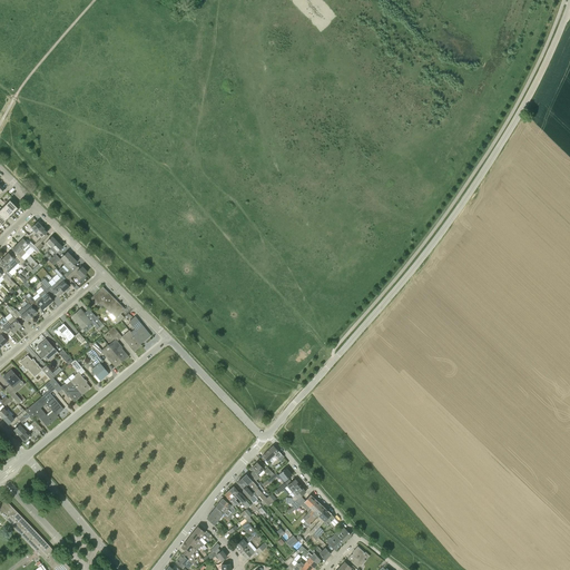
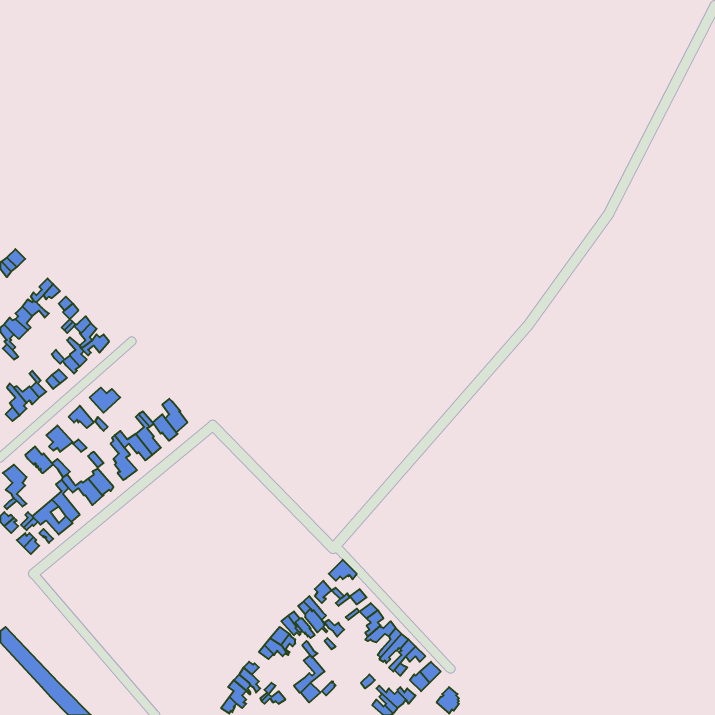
building: [91,287,125,324] -> none

